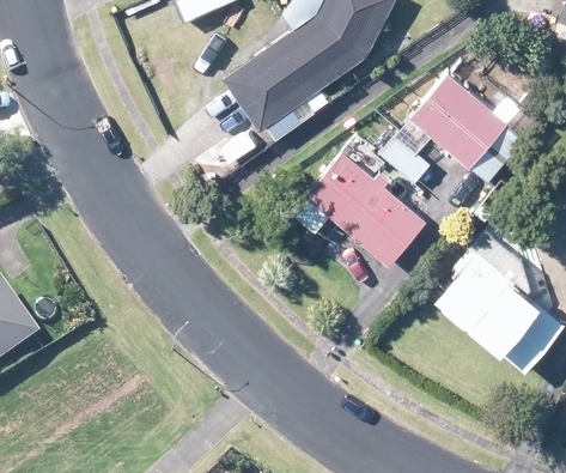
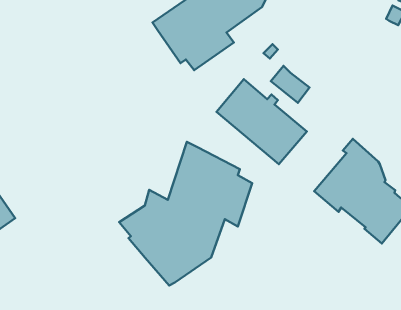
building: [410,74,523,181] -> none
building: none -> [119,142,252,286]

